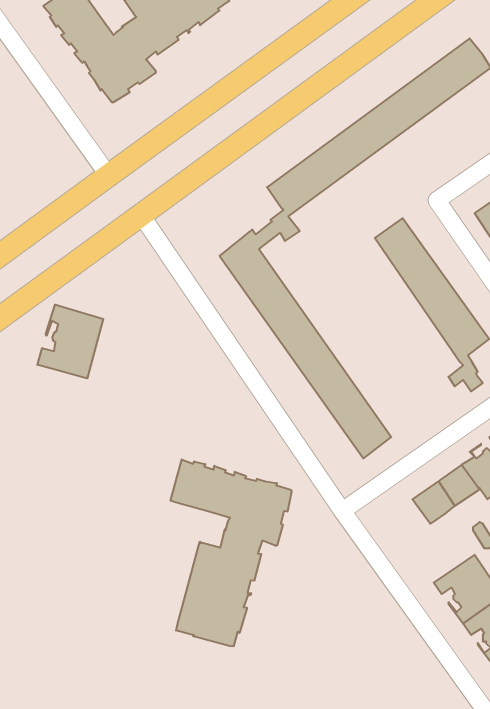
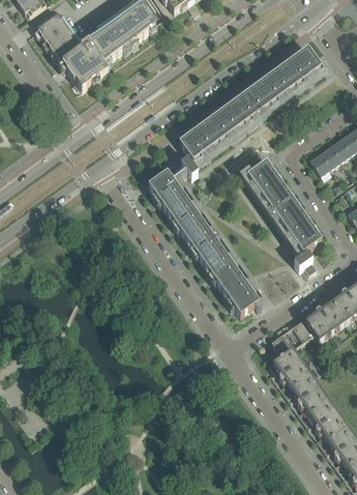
building: [37,305,103,378] -> none
building: [171,459,292,646] -> none
building: none -> [270,348,310,391]

